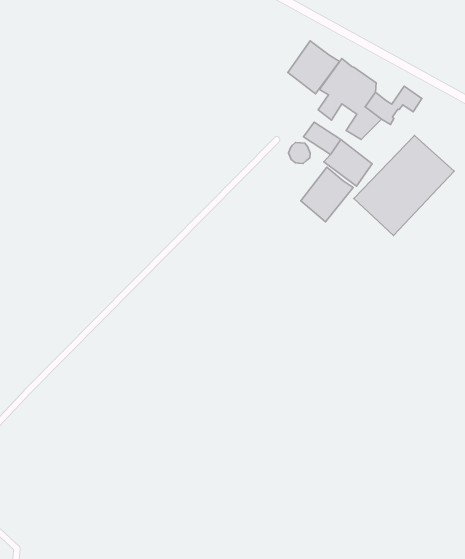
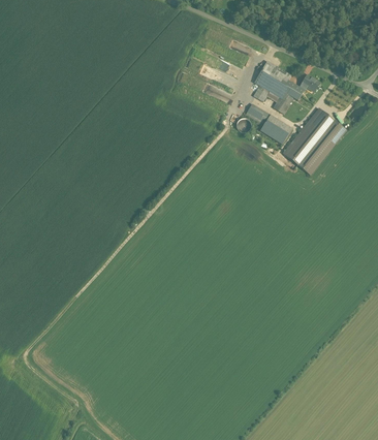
building: [288,41,340,94] -> none
building: [301,167,353,222] -> none

